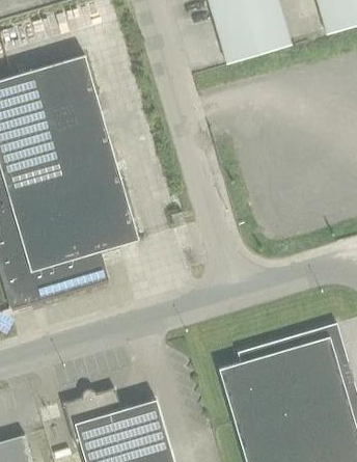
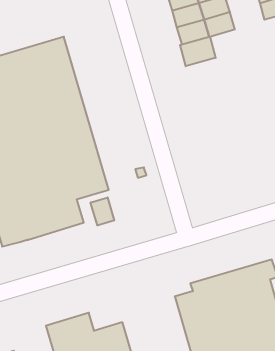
building: none -> [180,37,216,66]
building: none -> [91,197,114,225]

